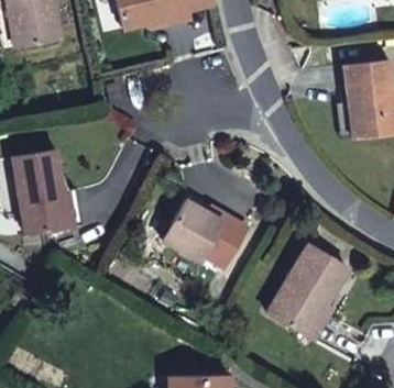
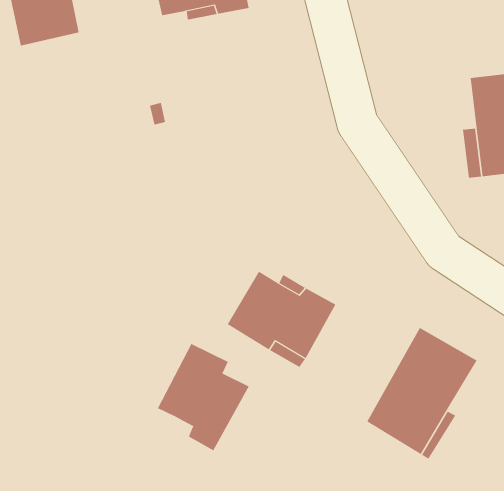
building: [12,142,75,222] -> none
building: none -> [157,343,249,451]

